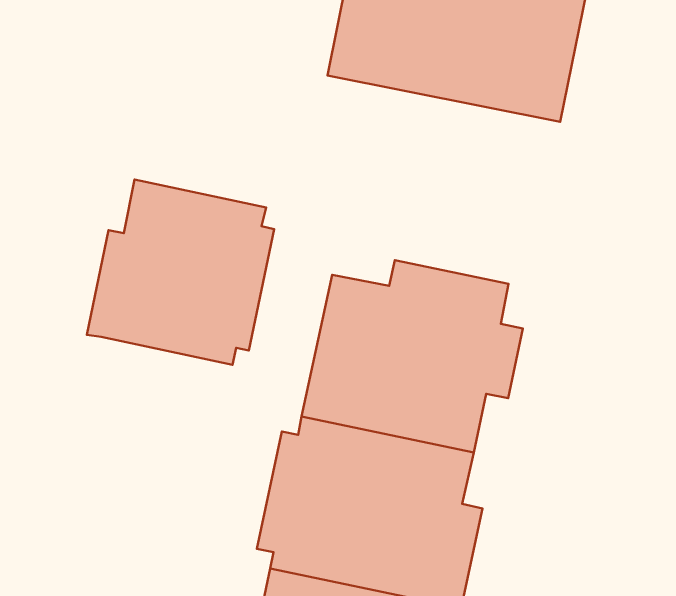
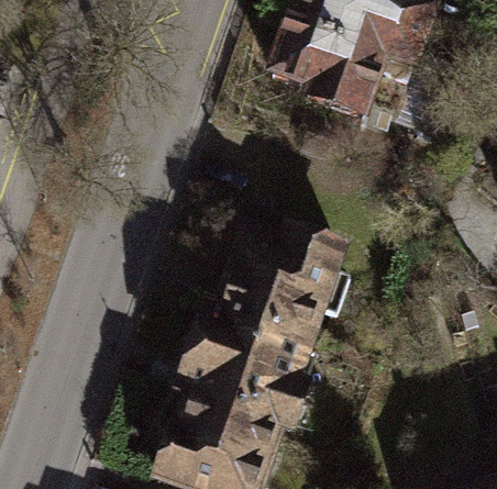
building: [87,180,274,365] -> none

